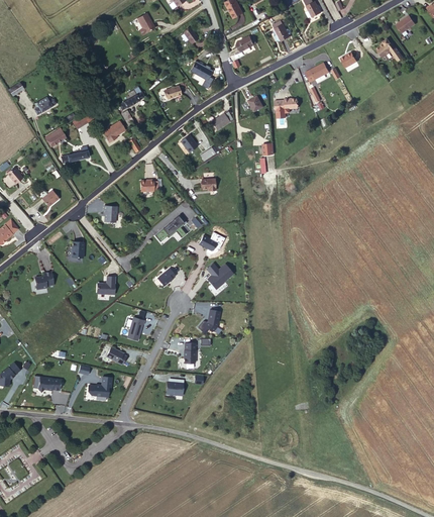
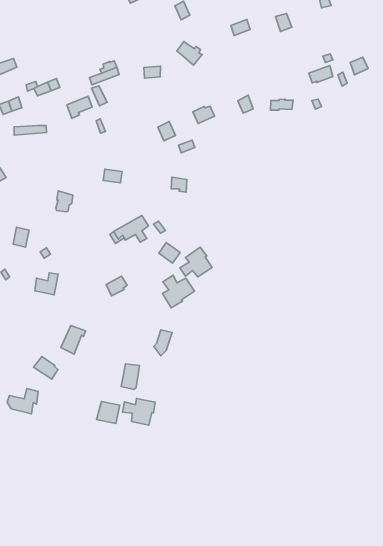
building: none -> [180,247,212,277]
building: none -> [122,399,155,425]

